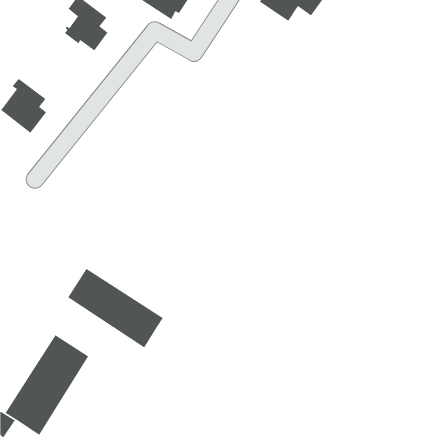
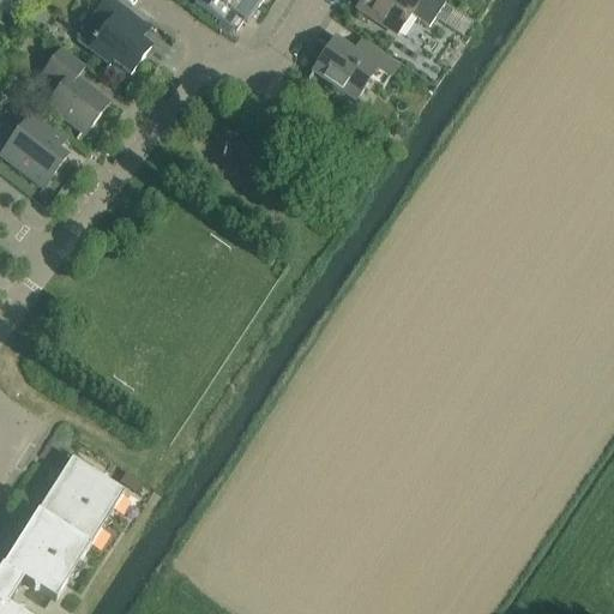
building: none -> [312,35,397,95]
building: none -> [41,46,107,127]
building: [67,268,164,348] -> none

